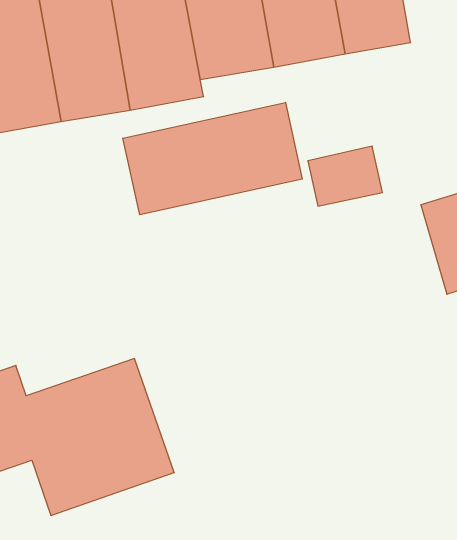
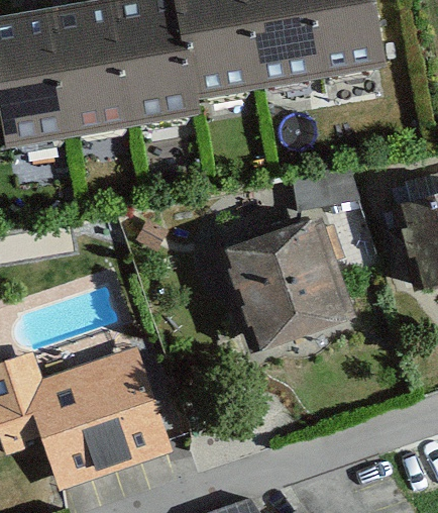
building: [123,102,302,215] -> none
building: none -> [217,218,355,351]

